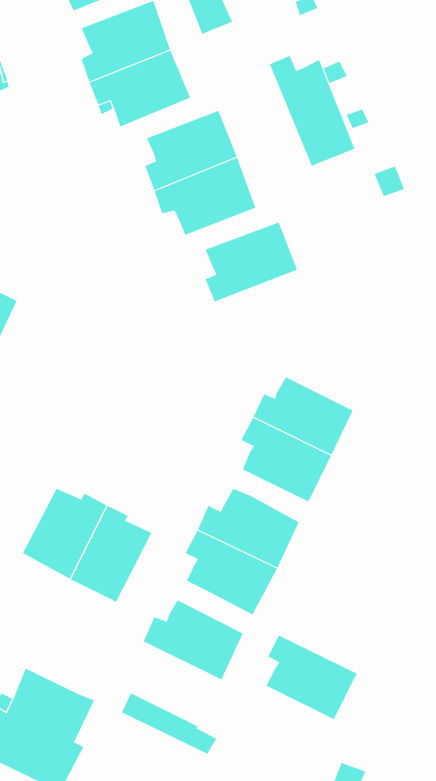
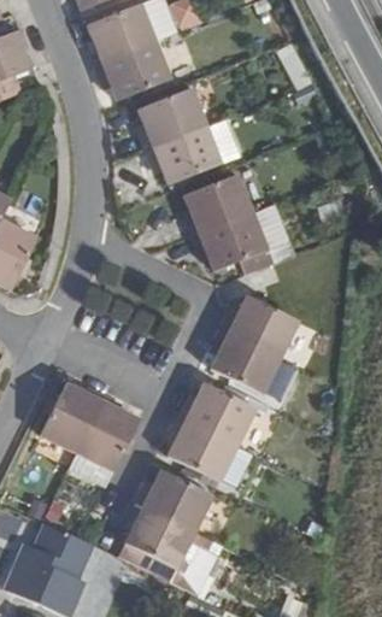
building: [269,55,355,166] -> none
building: none -> [190,212,269,272]
building: [266,635,357,720] -> [125,501,196,568]

